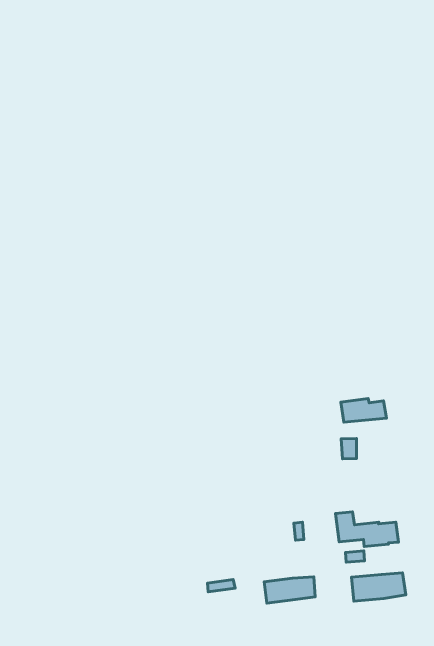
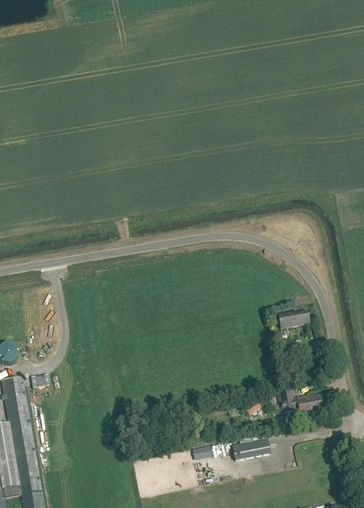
building: [352,573,406,601] -> none

